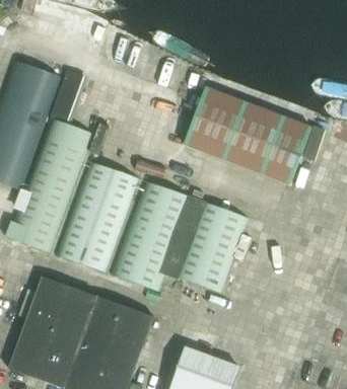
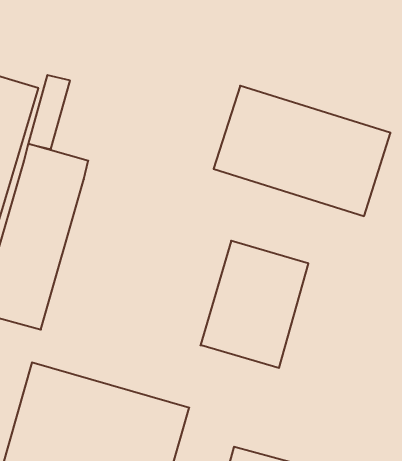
building: [57,161,139,271] -> none
building: [112,180,193,291] -> none

